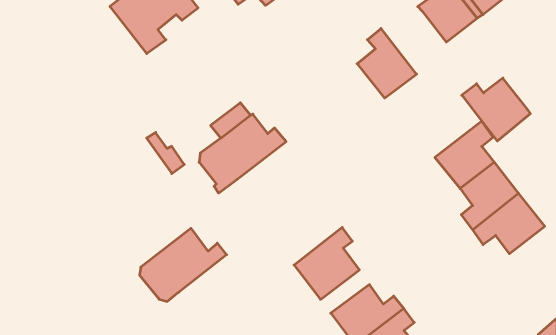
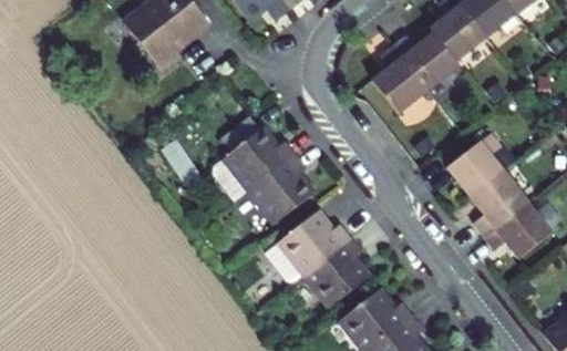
building: [462,78,530,141] -> [391,28,457,89]
building: none -> [251,154,316,221]
building: [140,228,227,301] -> [269,211,353,282]

